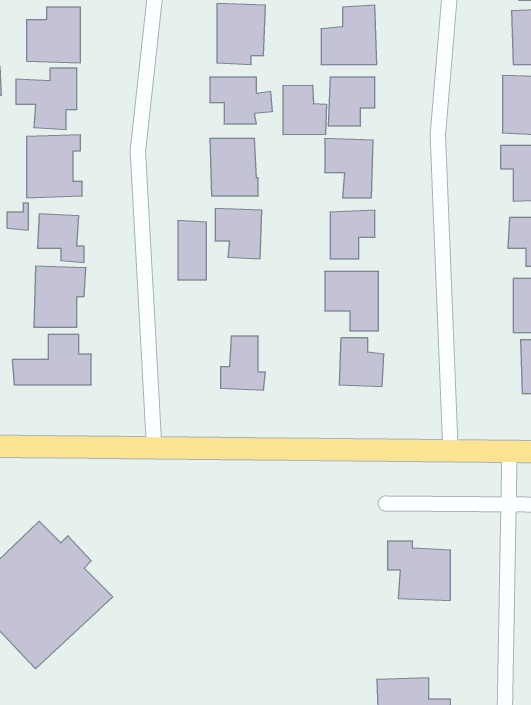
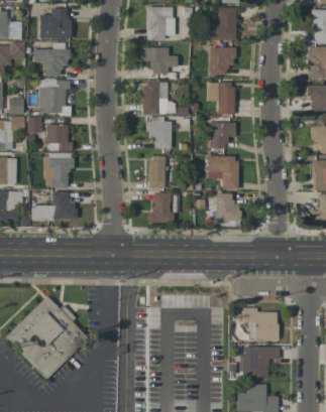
building: [283,85,326,135] -> none
building: [178,221,206,280] -> [148,155,165,188]
building: none -> [242,347,279,378]

